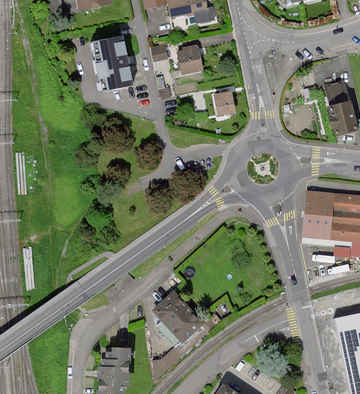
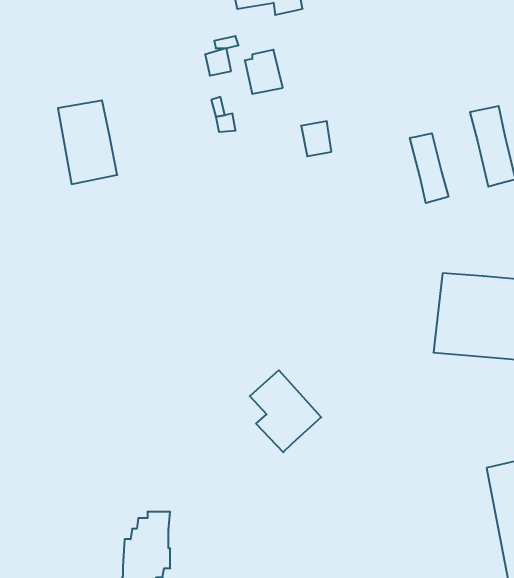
building: [93,36,132,91] -> [58,100,117,184]
building: none -> [410,133,448,203]
building: [153,293,200,347] -> [250,370,321,452]

